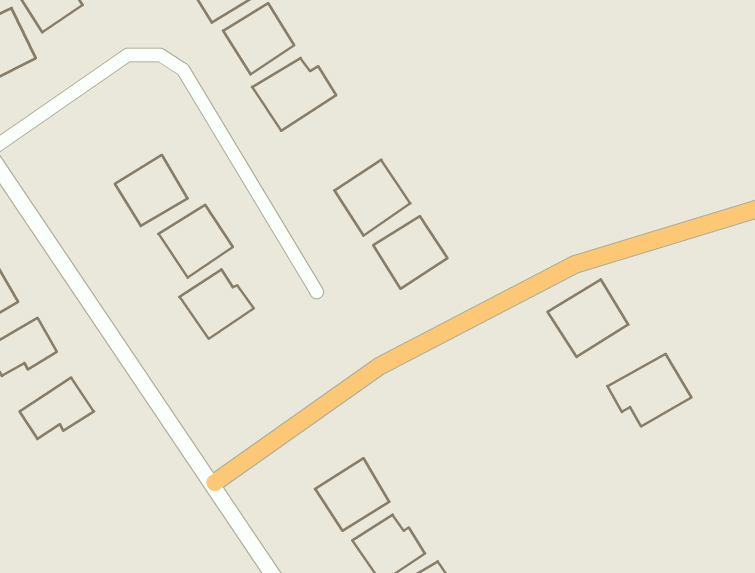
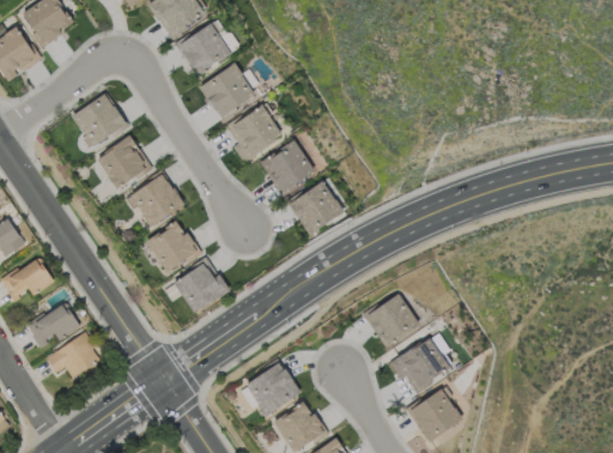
building: none -> [72,92,128,147]
building: none -> [227,104,284,162]
building: [548,279,628,357] -> [364,291,424,349]
building: none -> [172,258,229,313]
building: [607,354,691,426] -> [389,337,451,391]
building: none -> [45,332,102,378]
building: none -> [408,387,463,441]

